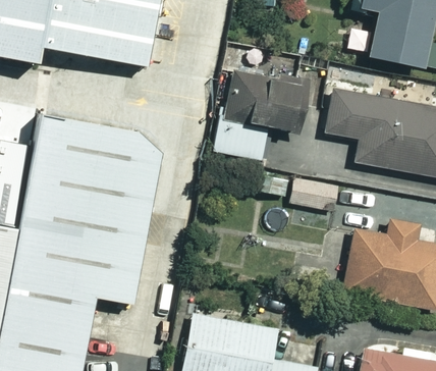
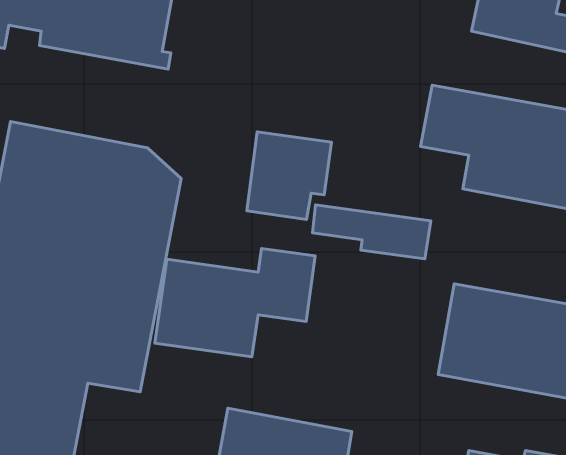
building: [221,44,303,124] -> none
building: none -> [155,248,315,357]

